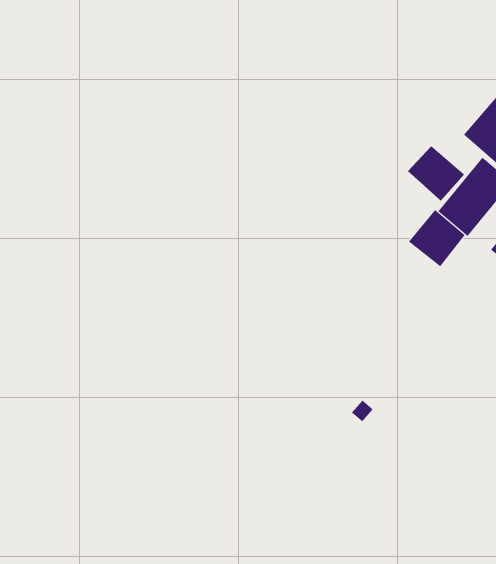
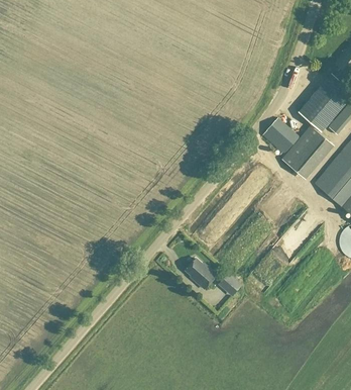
building: [408,209,465,267] -> none
building: none -> [185,258,215,288]

